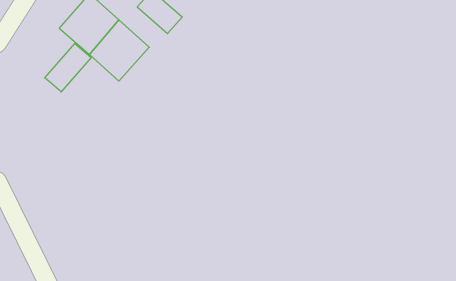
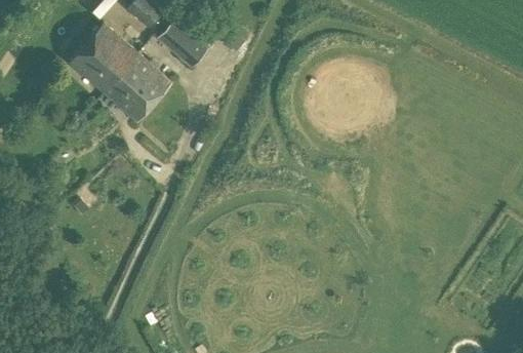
building: [45,44,91,92] -> none

